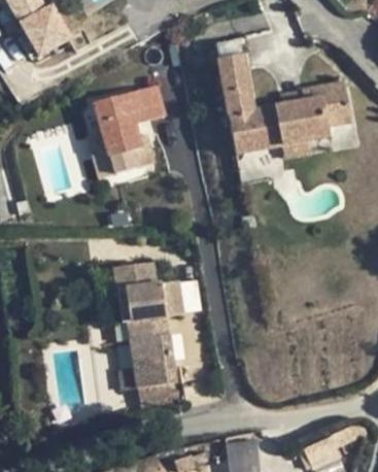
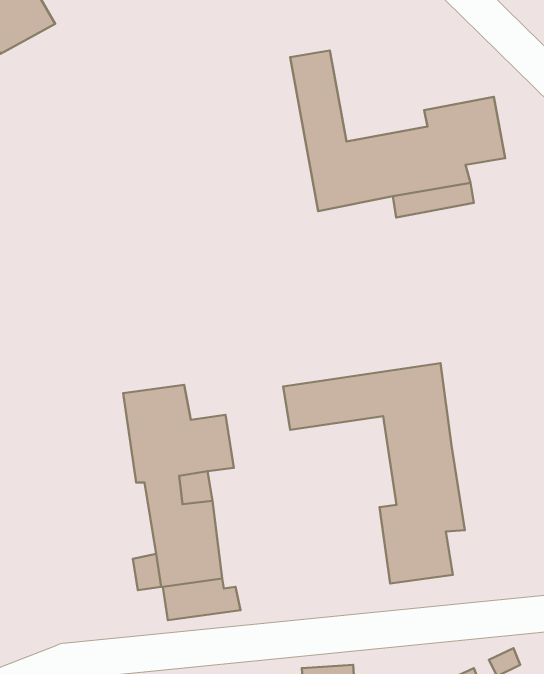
building: [93,83,165,173] -> none
building: none -> [283,363,465,584]

